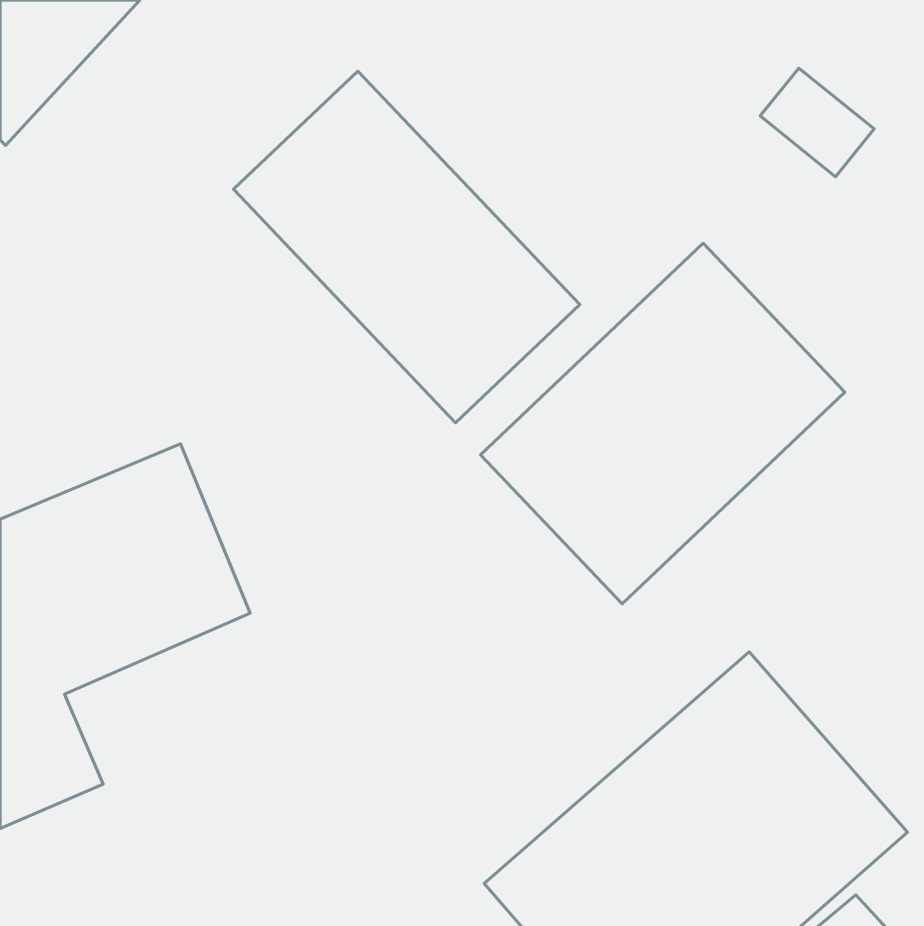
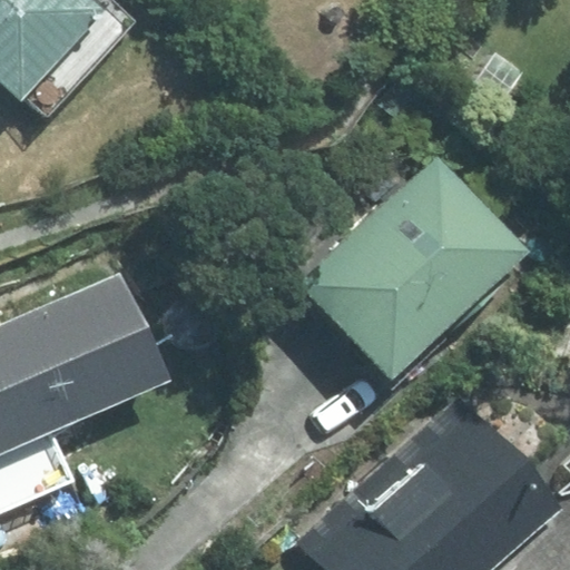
building: [234,71,580,423] -> none

